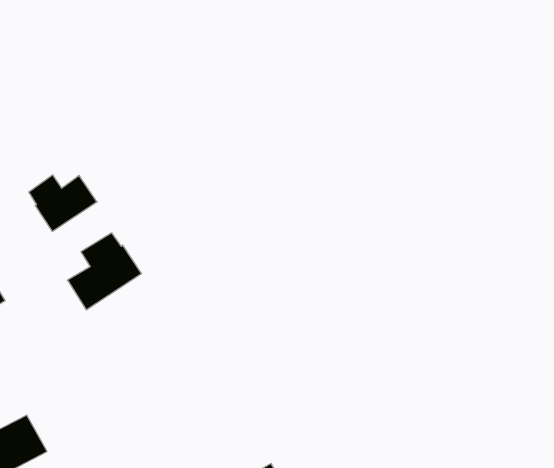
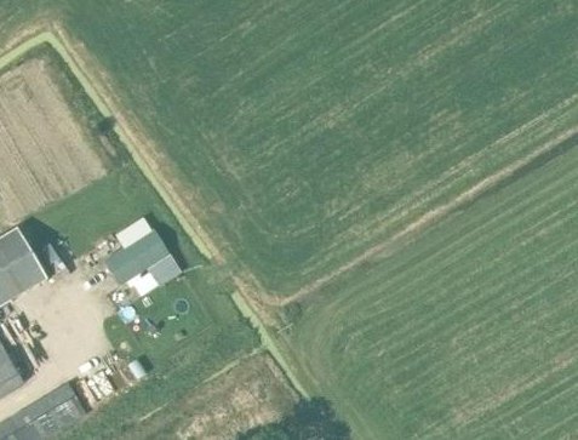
building: [29,175,97,232] -> none

